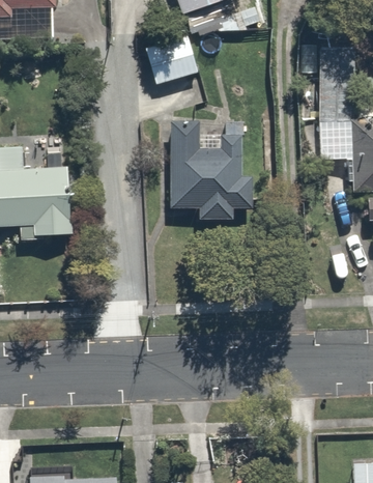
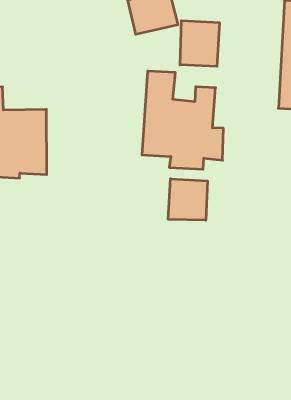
building: none -> [180,21,219,66]
building: none -> [168,179,207,220]

